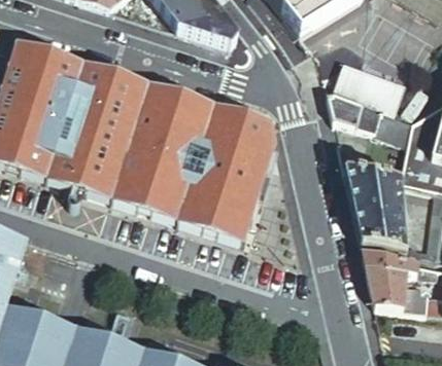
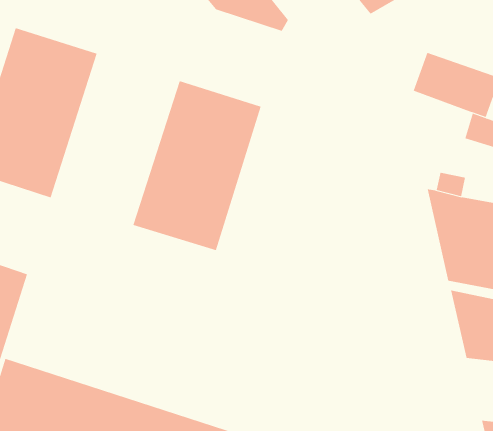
building: [46,61,148,197] -> none
building: [329,90,382,129] -> none
building: [178,103,276,240] -> none

